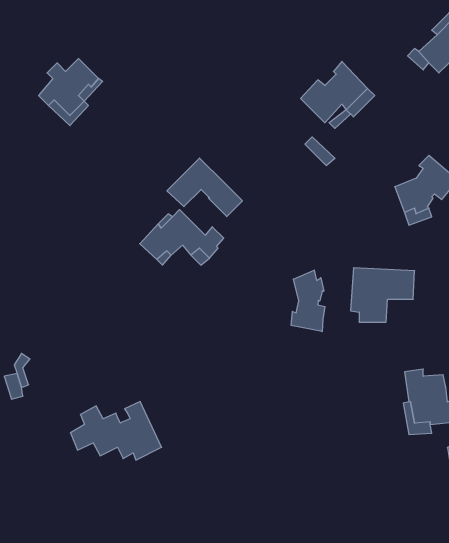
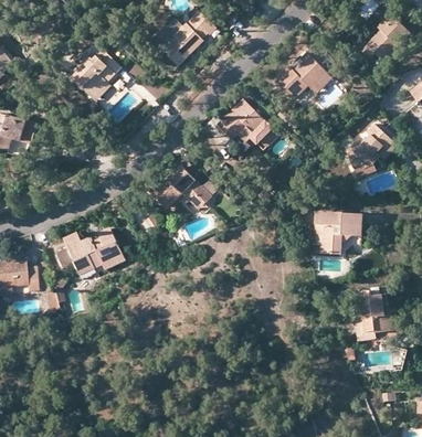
building: none -> [151,9,215,64]
building: [167,158,242,217] -> [219,100,277,146]
building: [291,270,325,332] -> none
building: [70,402,162,460] -> [55,228,126,274]

